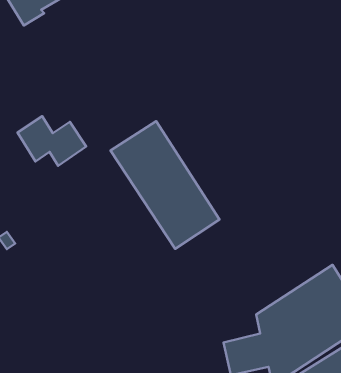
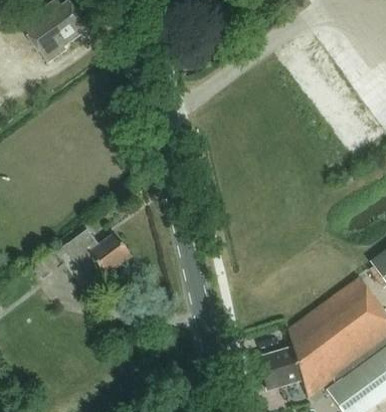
building: [17,116,86,166] -> [65,228,133,275]
building: [111,121,220,249] -> none

